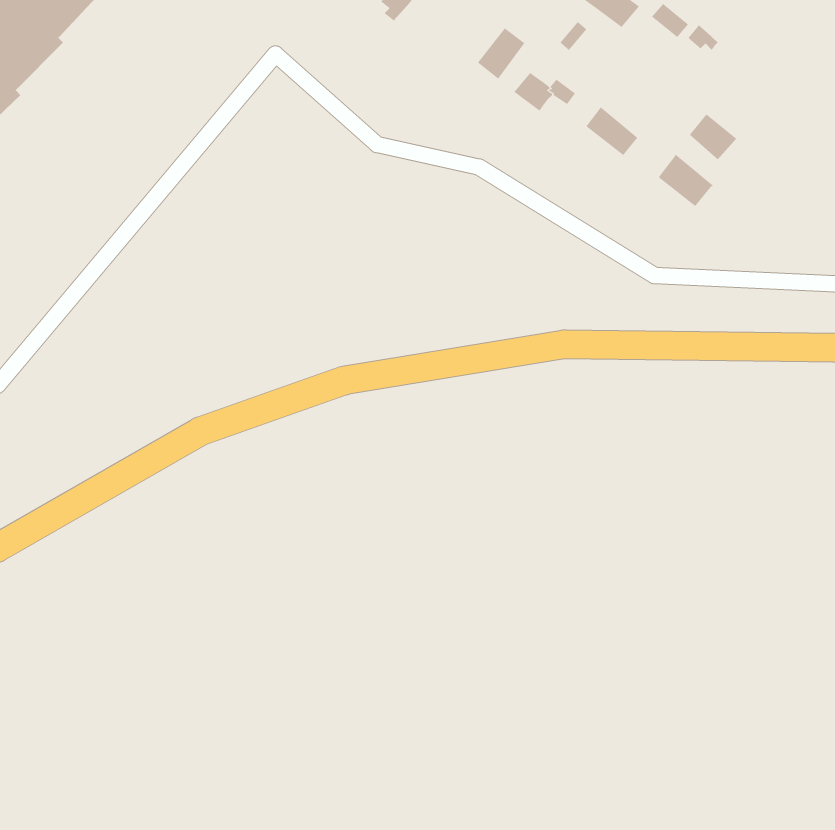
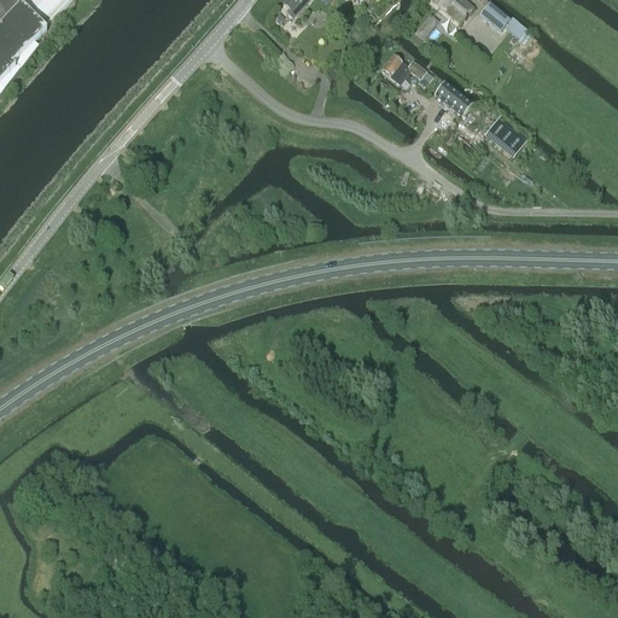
building: [477,28,525,80] -> none
building: [689,114,737,160] -> none

